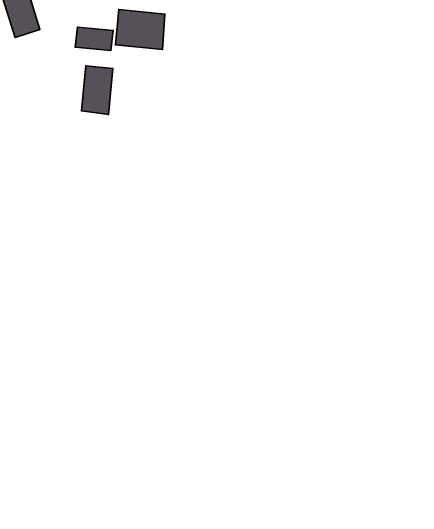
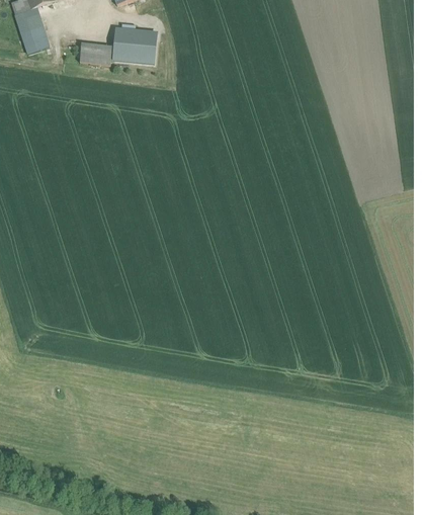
building: [82,66,113,115] -> none

